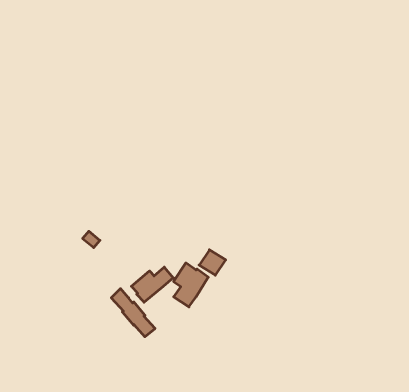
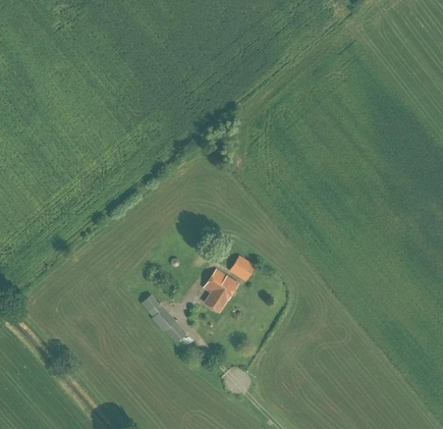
building: [131,267,173,302] -> none

